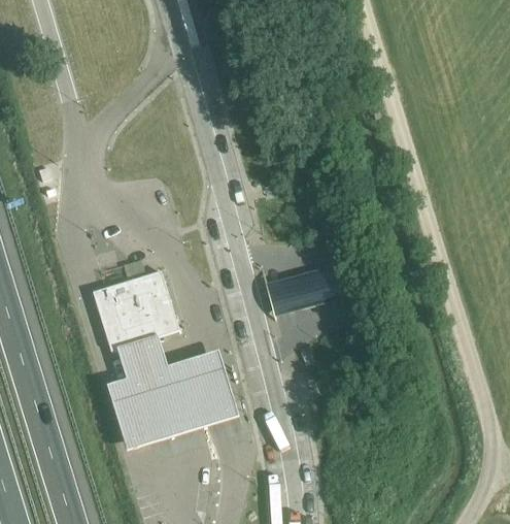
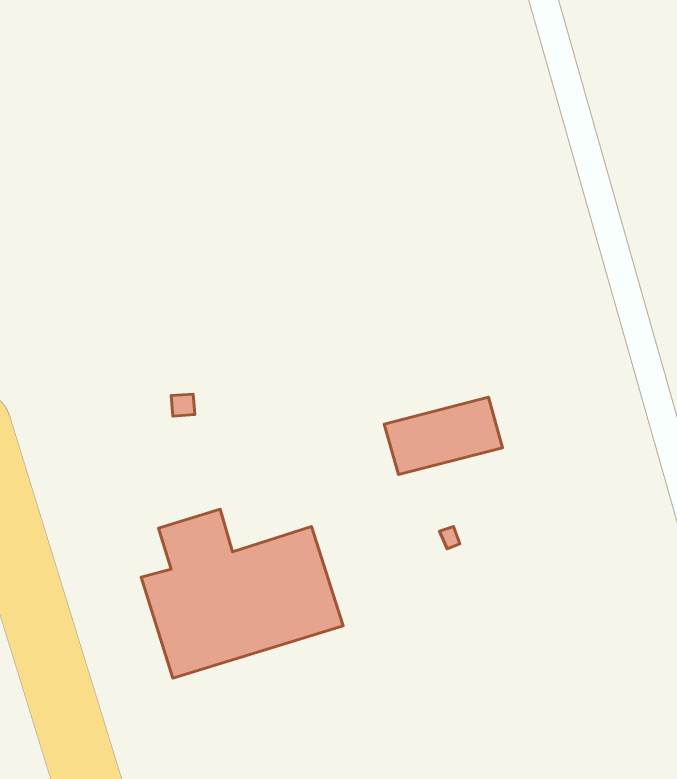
building: [93,273,179,353] -> none

